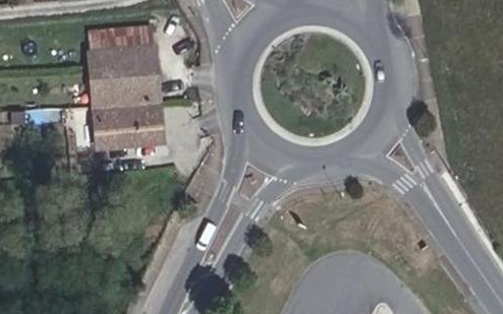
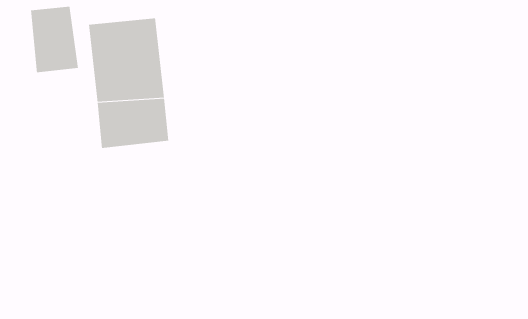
building: none -> [31,6,79,73]

